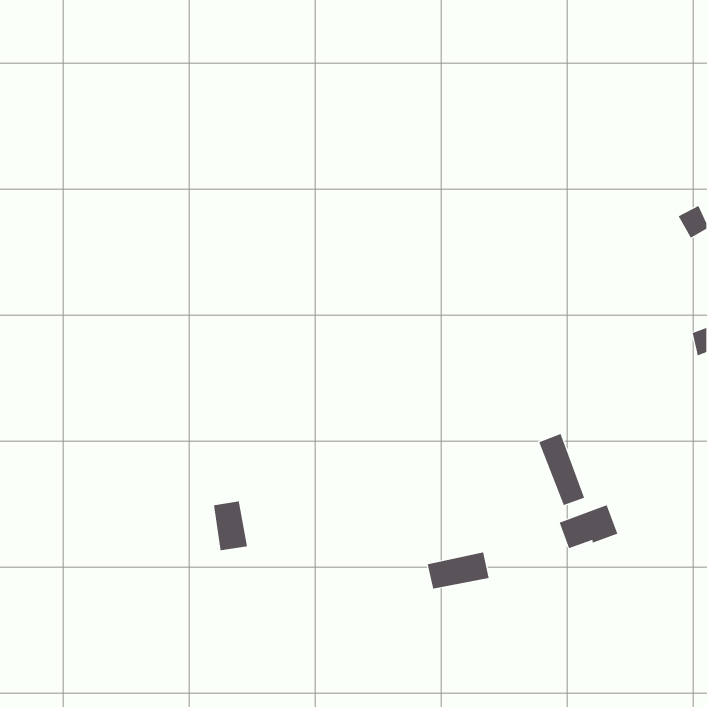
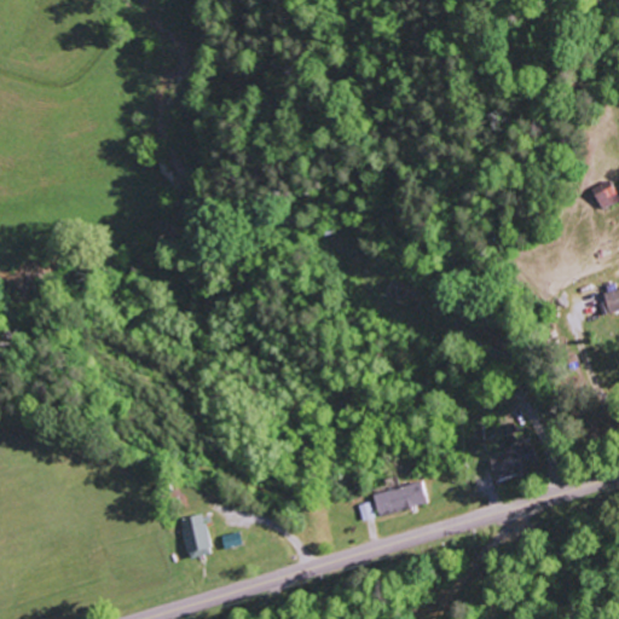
building: [538,433,585,506] -> none
building: [213,501,248,551] -> [181,514,212,557]

